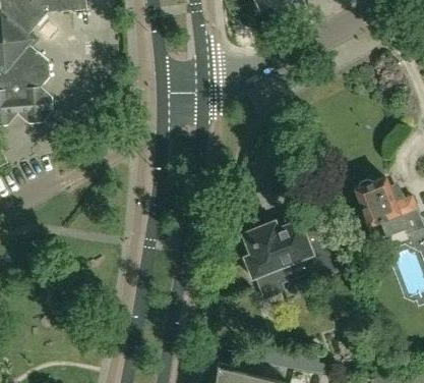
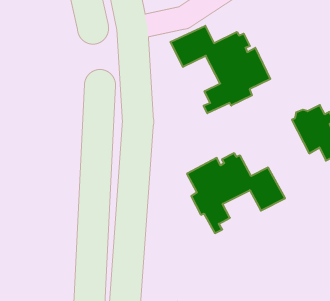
building: none -> [170,26,270,113]

